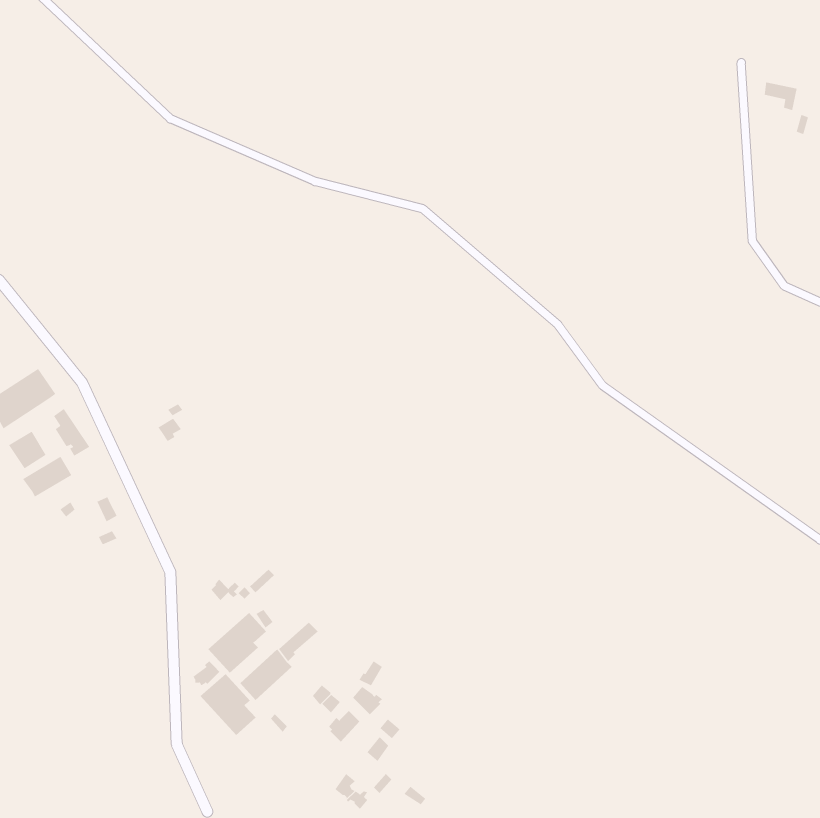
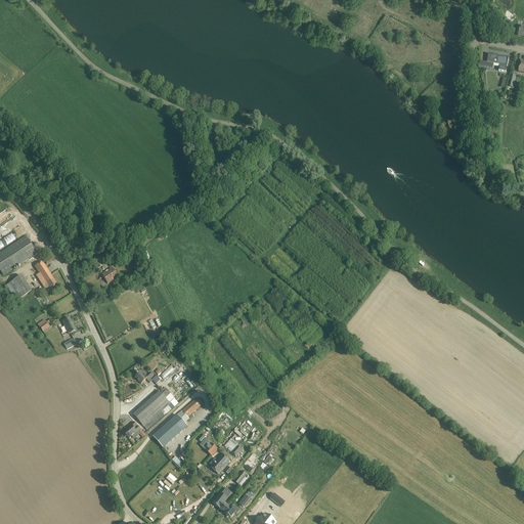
building: [23,456,72,498] -> none
building: [199,673,257,736] -> none

